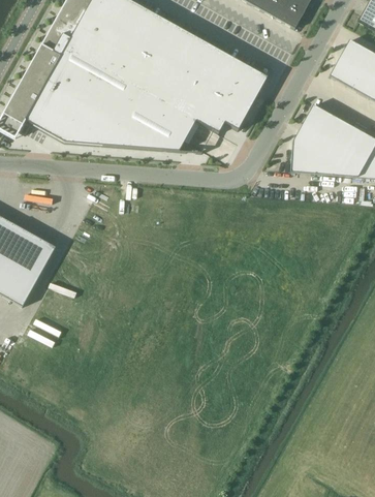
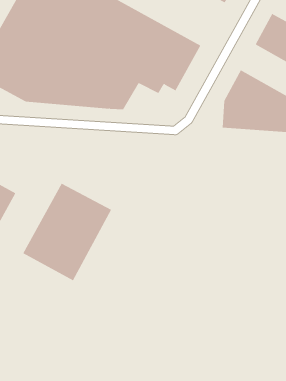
building: none -> [22,183,112,281]

